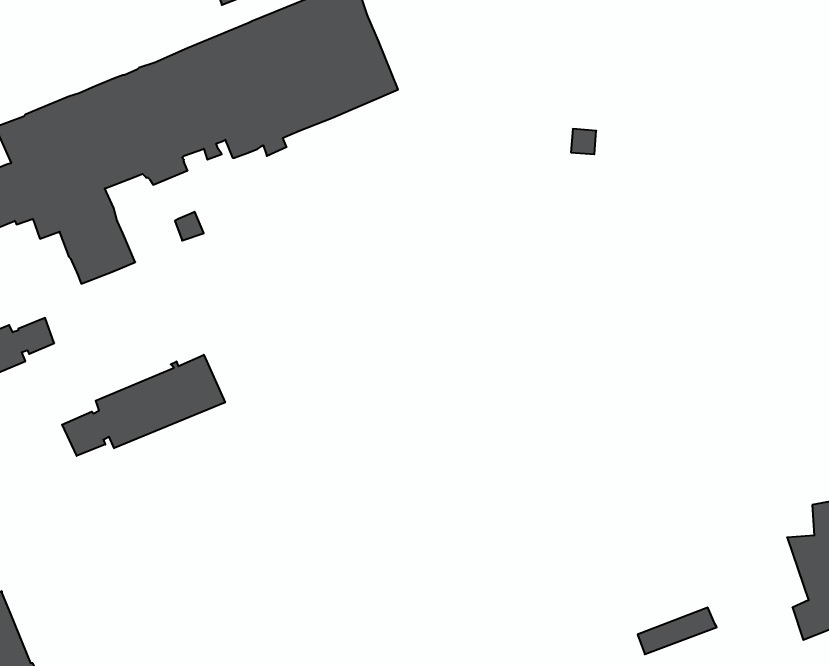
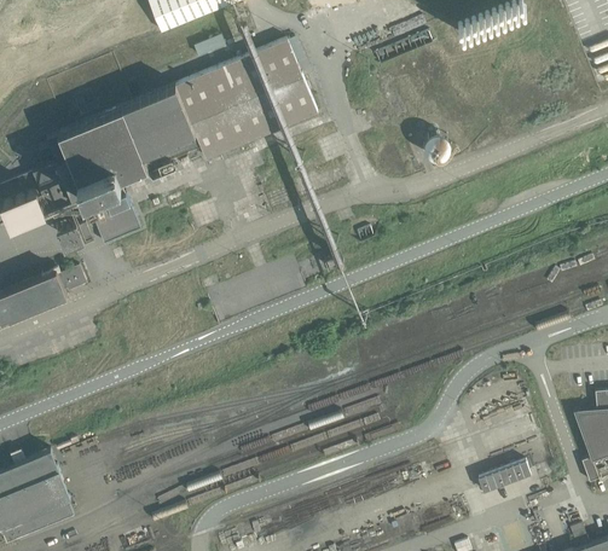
building: [62,355,225,456] -> none

